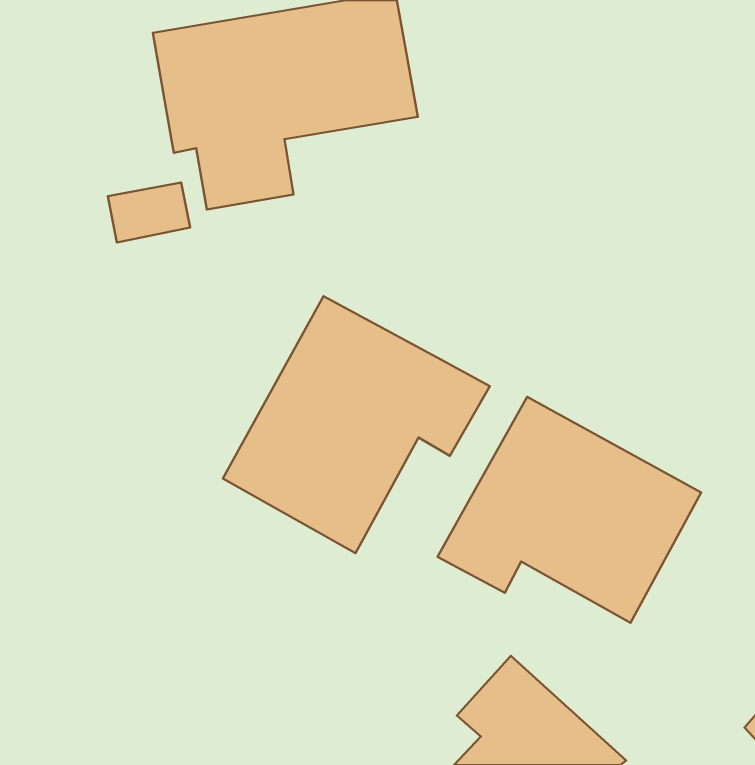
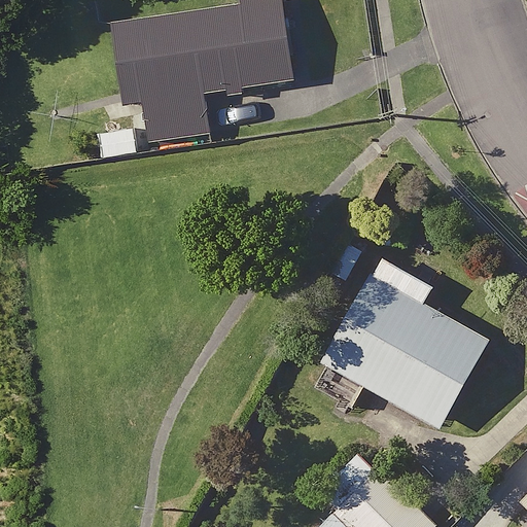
building: [223,296,490,553] -> none

